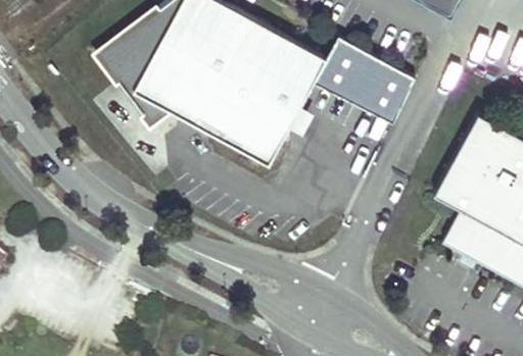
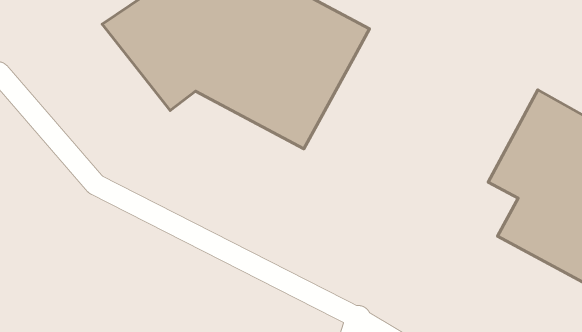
building: [316,37,416,122] -> none

